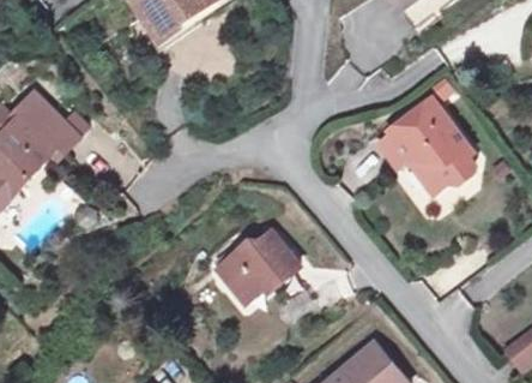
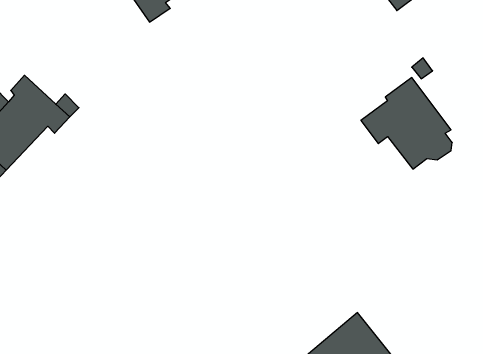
building: [216,231,298,301] -> none

